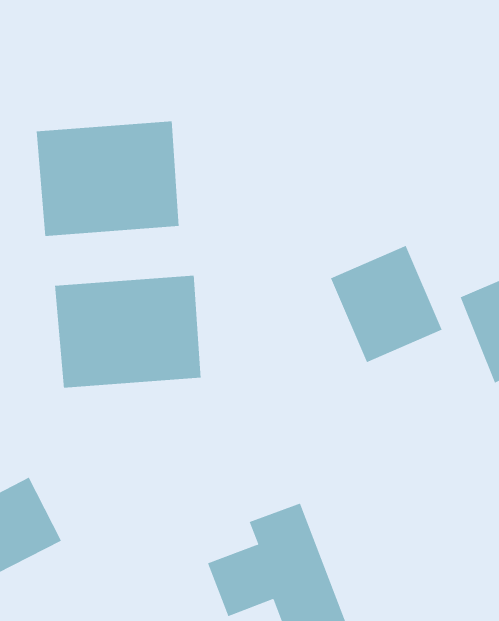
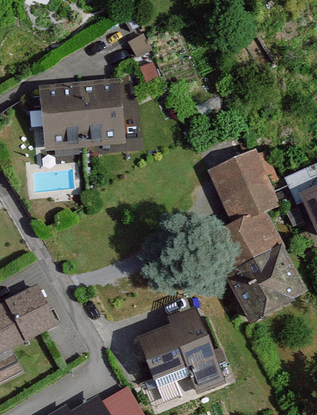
building: [55,275,201,389] -> none
building: none -> [211,217,302,319]

